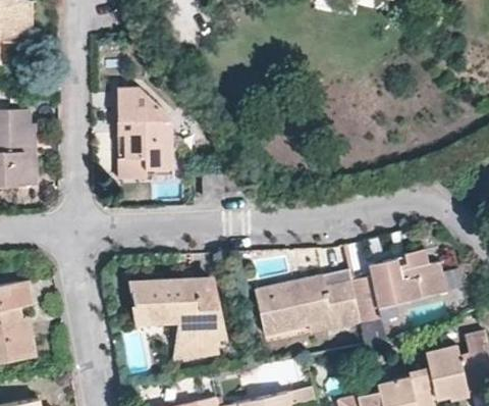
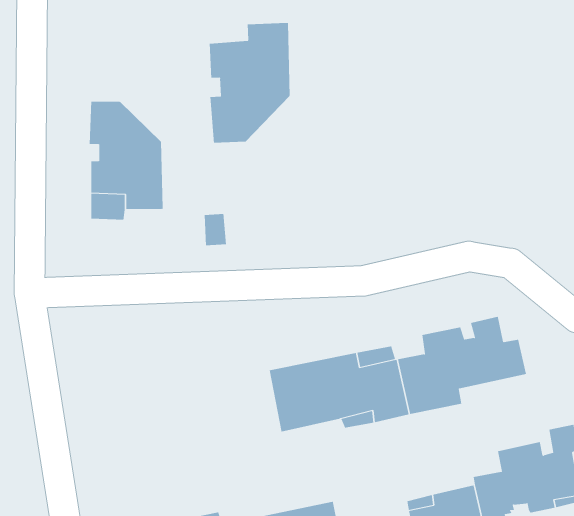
building: none -> [209,22,290,144]
building: [132,276,225,359] -> none

